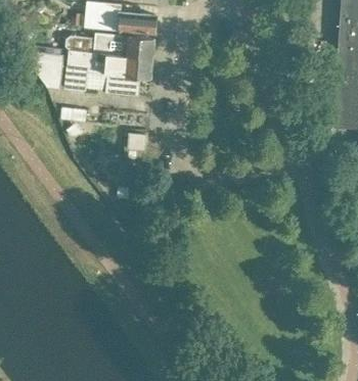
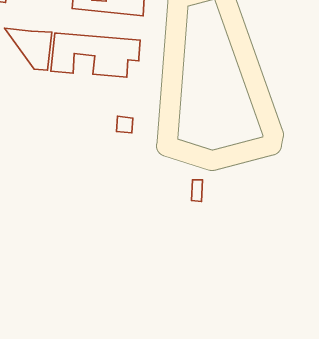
building: [66,34,154,57] -> none

